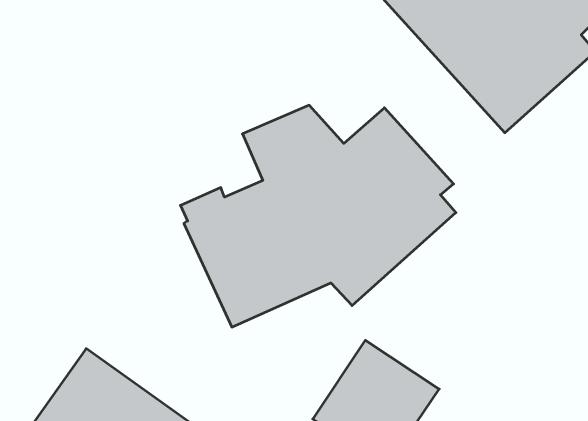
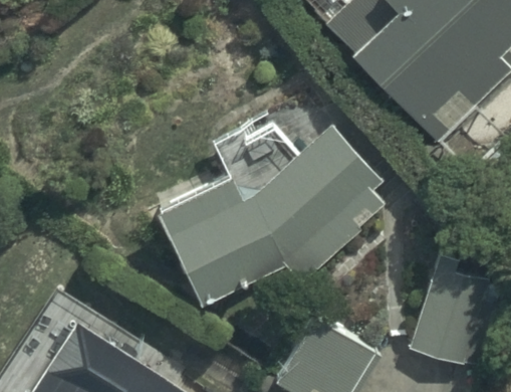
building: none -> [406,253,494,368]

